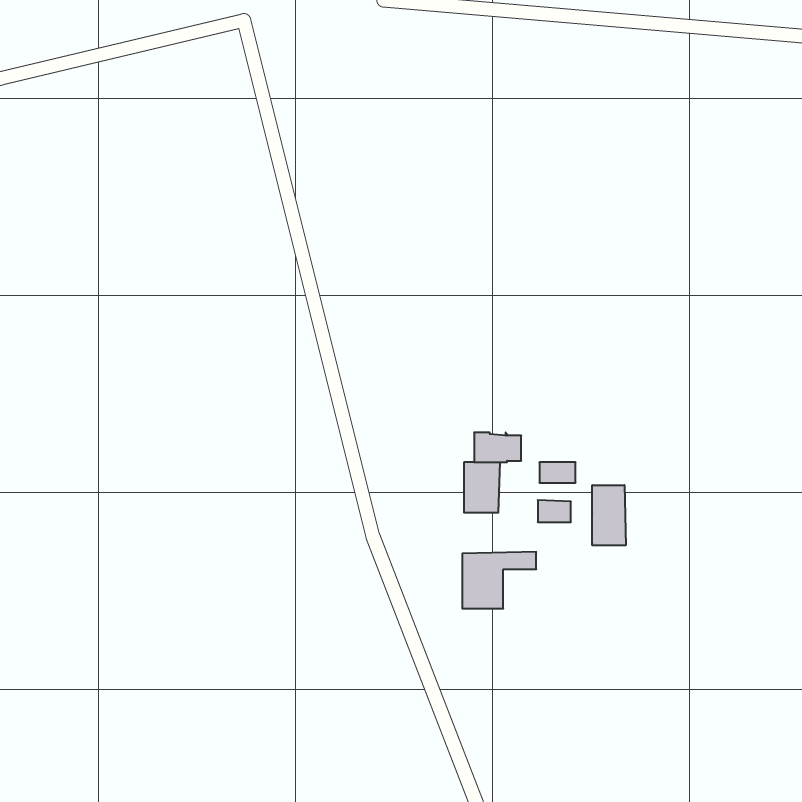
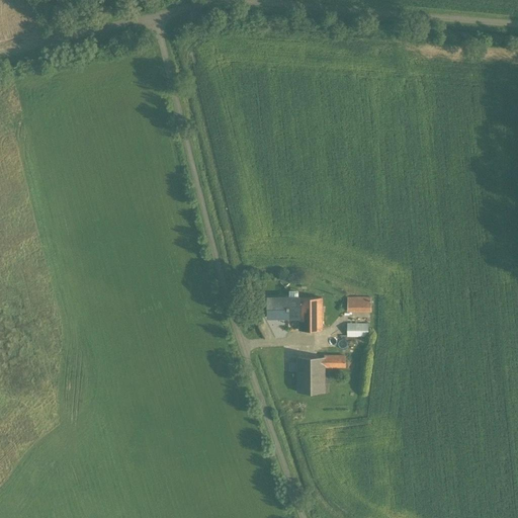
building: [474,432,521,462] -> [269,297,299,317]
building: [592,485,626,545] -> none

